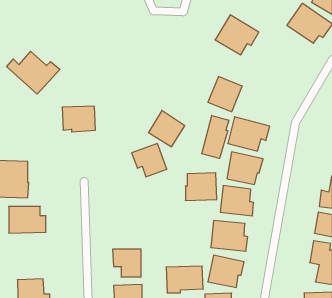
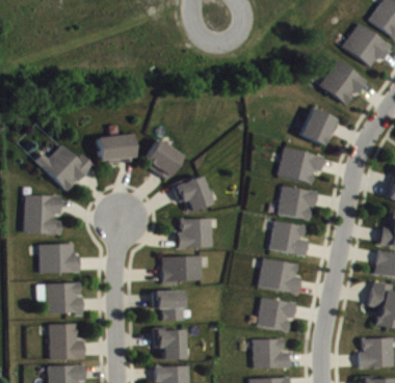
building: [215,15,259,55] -> [320,60,368,104]
building: [7,51,60,94] -> [34,144,93,191]
building: [208,77,242,112] -> [300,108,338,146]
building: [148,110,185,147] -> [143,139,183,179]
building: [202,115,229,158] -> none
building: [185,173,217,200] -> [179,218,213,248]
building: none -> [37,282,83,314]
building: [166,266,203,293] -> [162,255,203,284]

